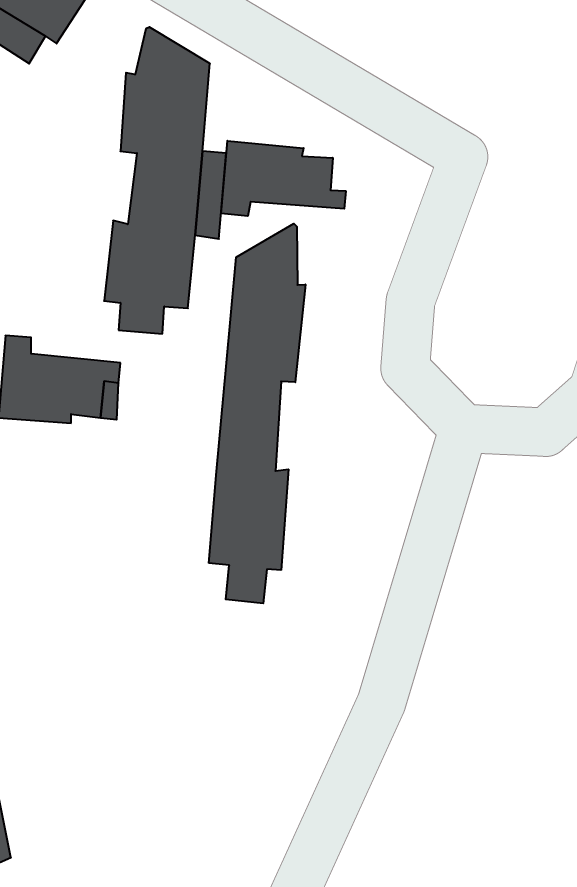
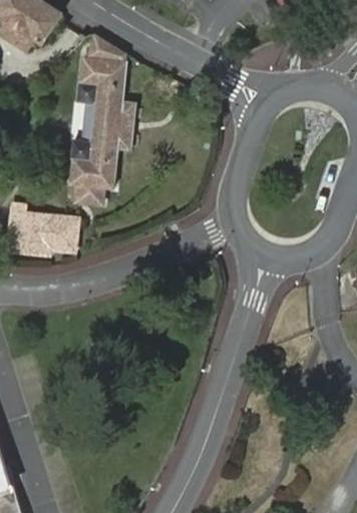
building: [221,141,346,216] -> none
building: [209,224,305,603] -> none

